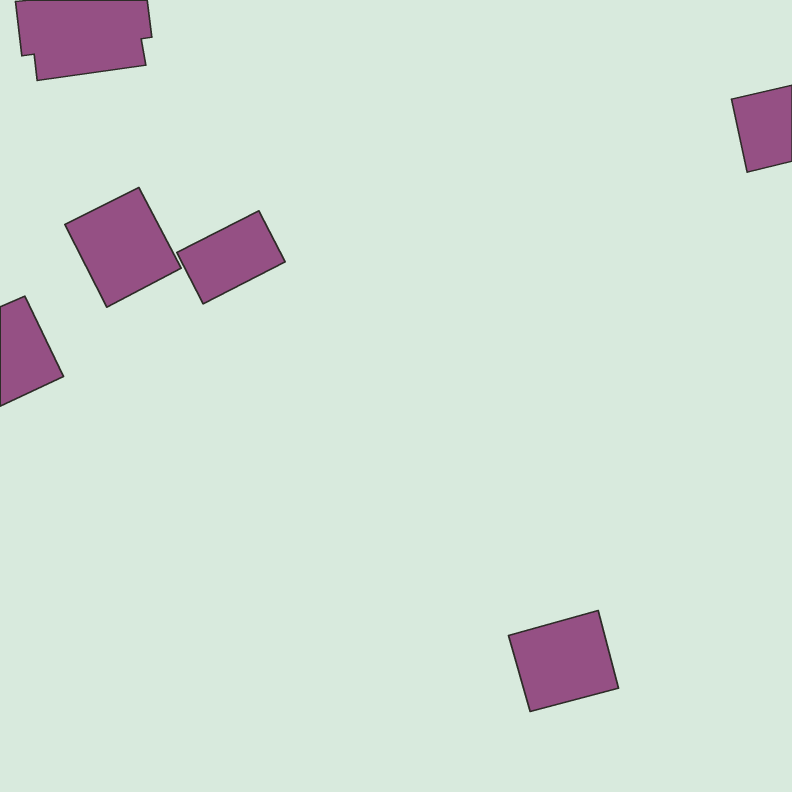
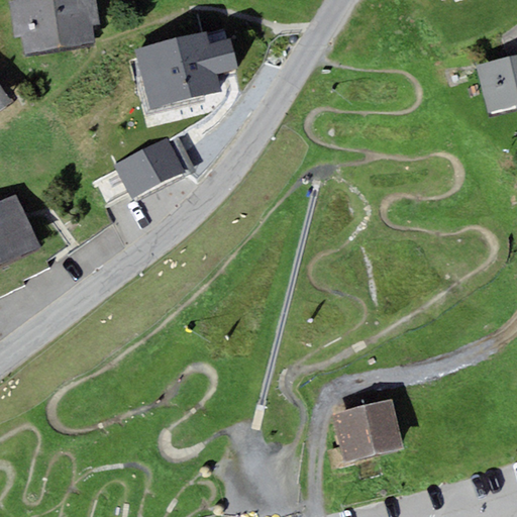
building: none -> [135,30,237,109]
building: [65,188,181,307] -> none

